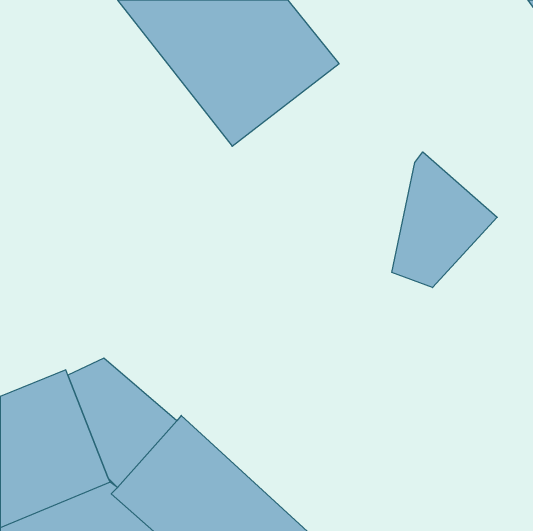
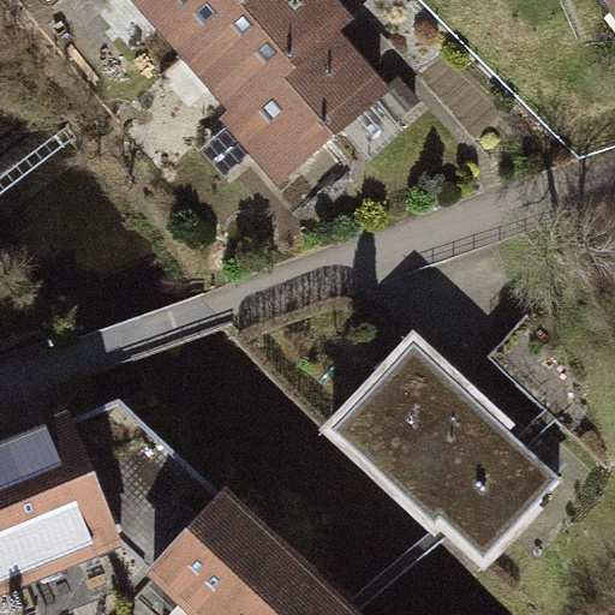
building: [392,152,497,288] -> none
building: none -> [317,326,562,562]

